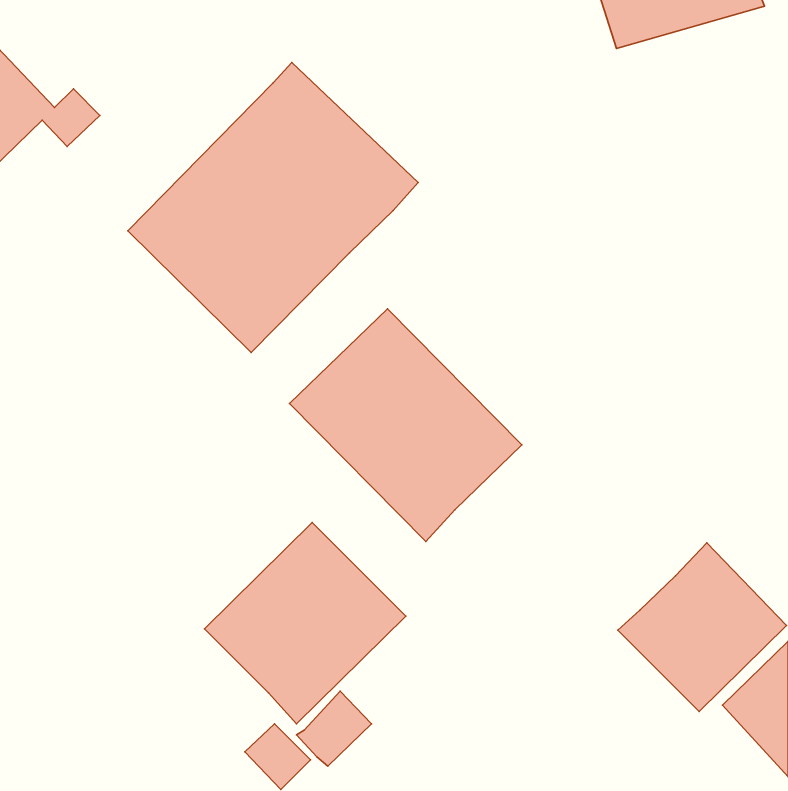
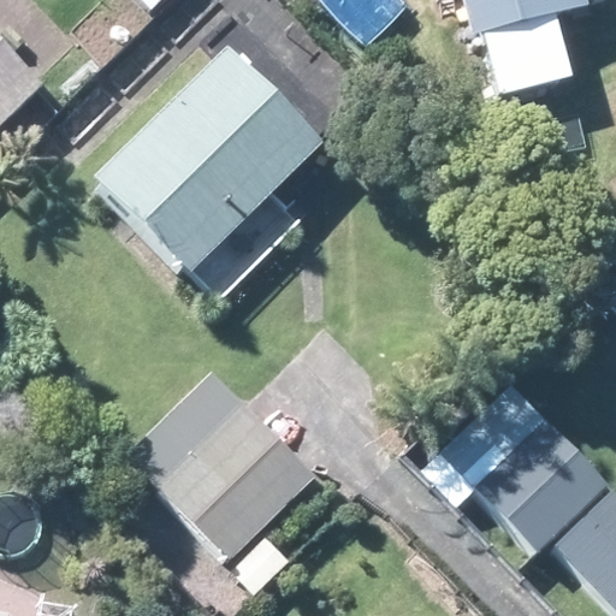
building: [290,309,522,542] -> none

